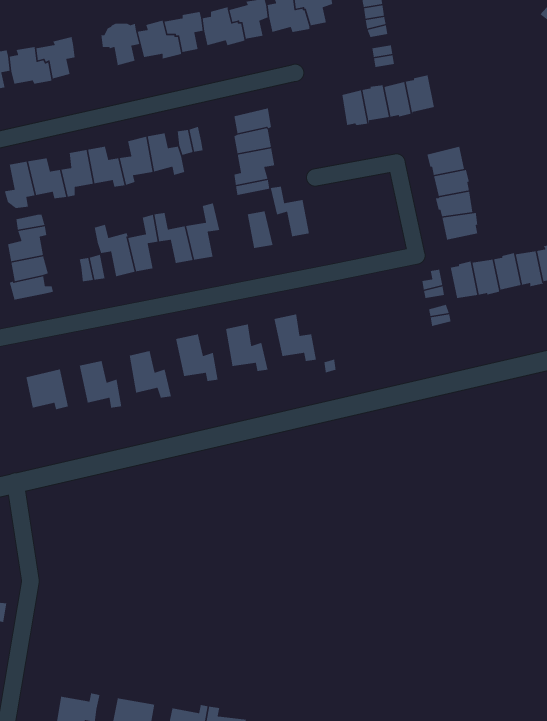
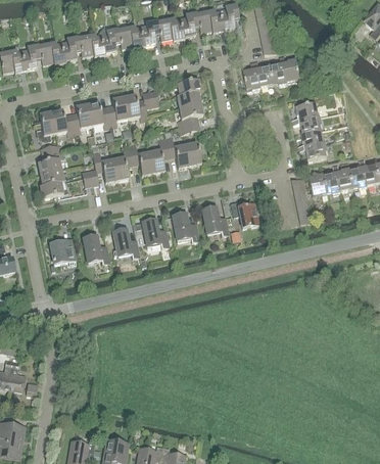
building: none -> [80,33,106,57]
building: [270,186,310,237] -> [165,136,190,168]
building: none -> [232,201,258,228]

